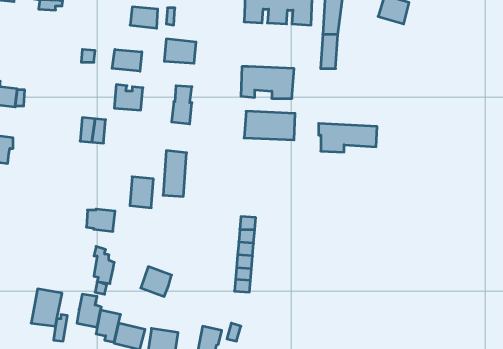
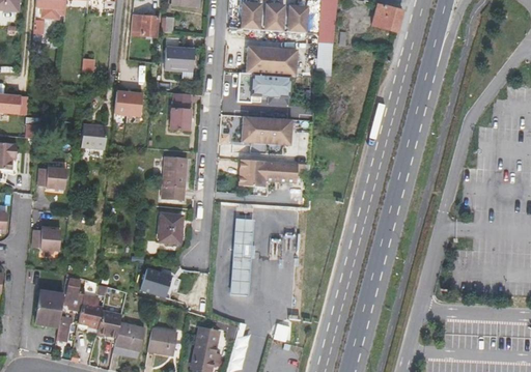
building: none -> [245,47,296,75]
building: [112,49,142,71] -> none
building: [319,123,377,152] -> [239,159,296,187]
building: none -> [37,165,65,187]
building: [130,177,153,208] -> [159,212,181,242]
building: [86,209,115,231] -> [32,227,60,249]
building: [94,246,114,284] -> [64,273,84,309]

